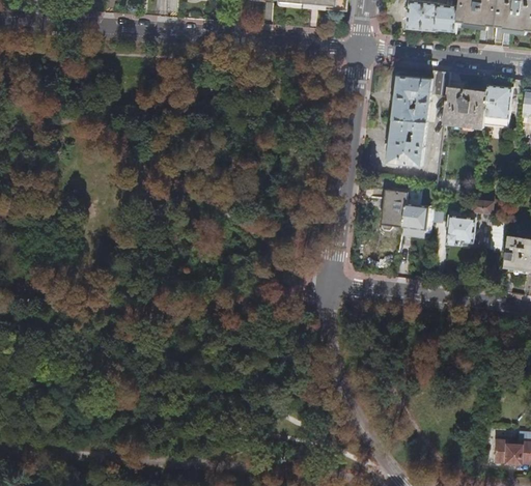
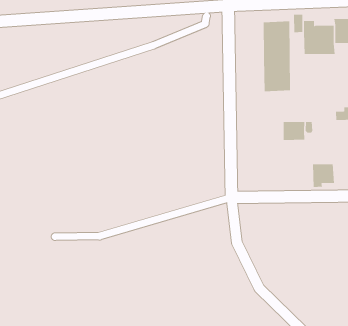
building: [381,190,408,230] -> none
building: [446,215,476,245] -> [312,164,335,187]

